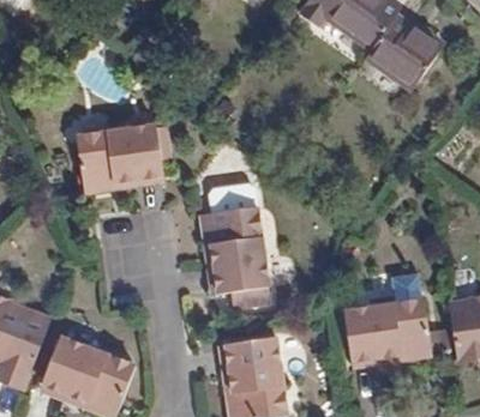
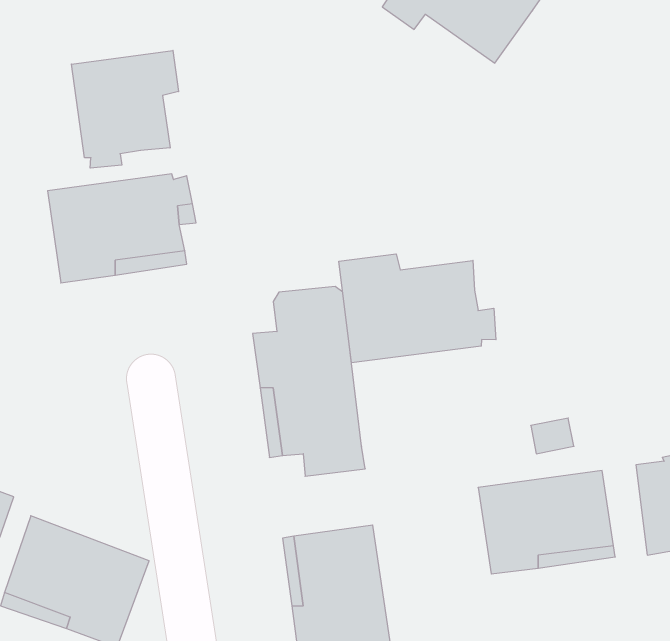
building: [352,7,431,80] -> none
building: none -> [71,50,179,168]
building: none -> [339,254,496,363]

